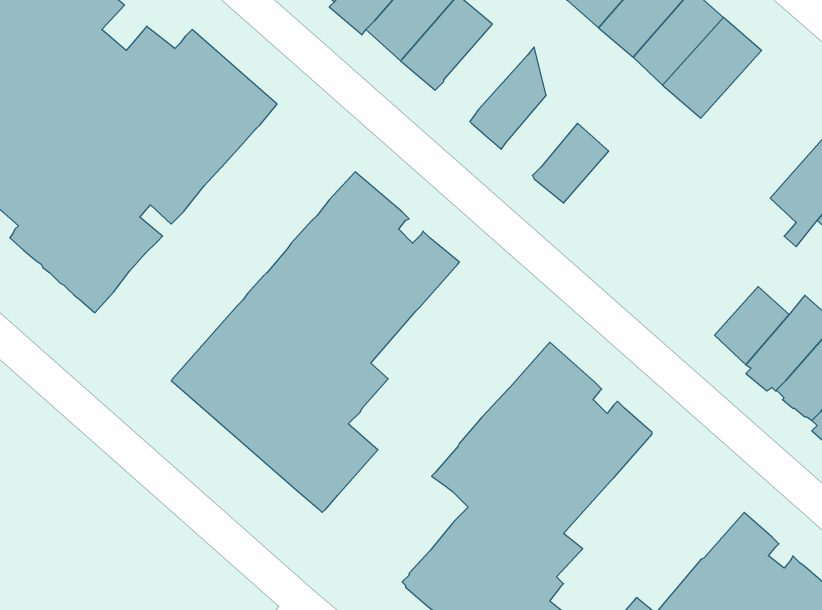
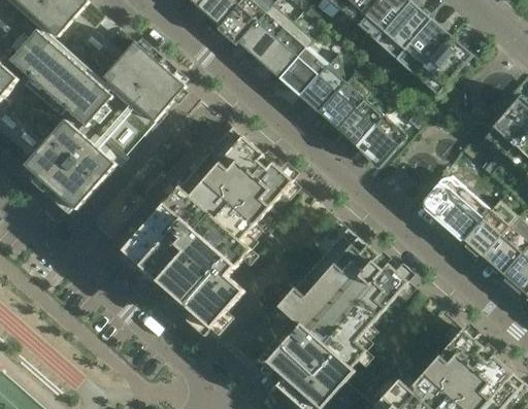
building: none -> [277,39,332,97]
building: none -> [317,76,367,129]
building: none -> [354,114,402,164]
building: none -> [430,179,469,224]

